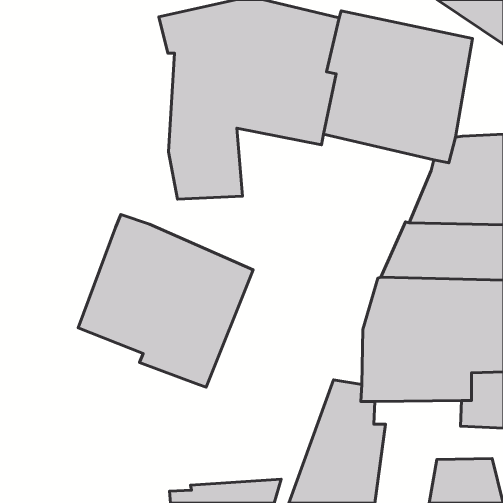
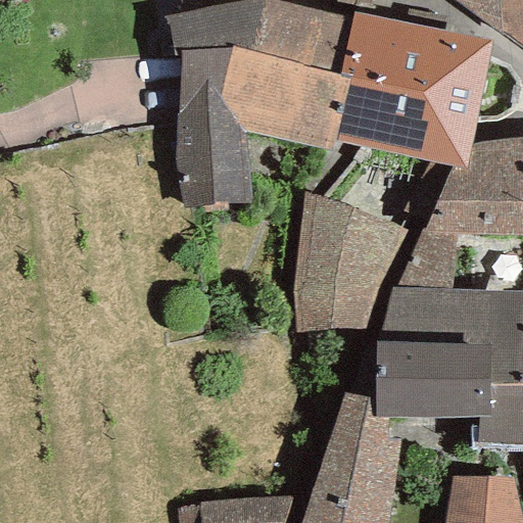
building: none -> [299,216,390,342]
building: [78,214,253,387] -> none

